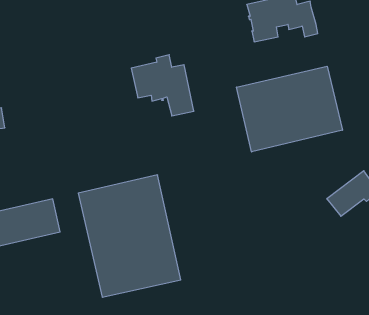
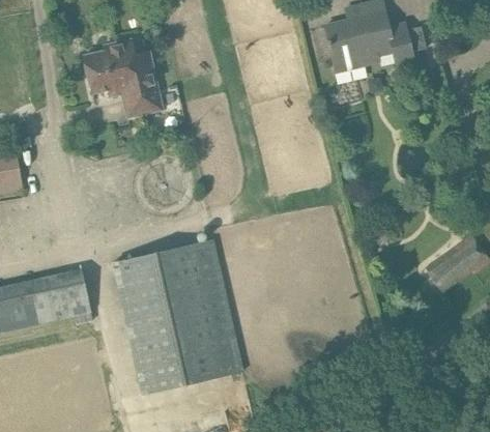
building: [131,55,194,116] -> [83,38,162,115]
building: [237,66,342,152] -> none

